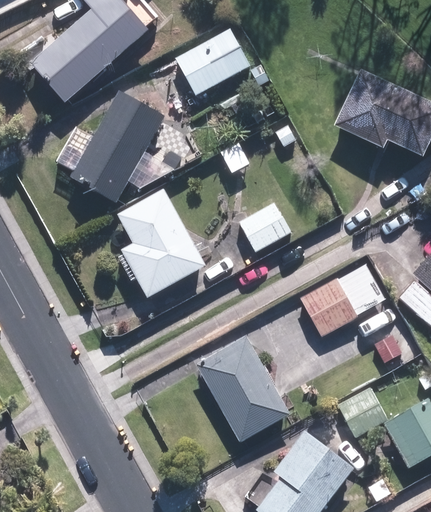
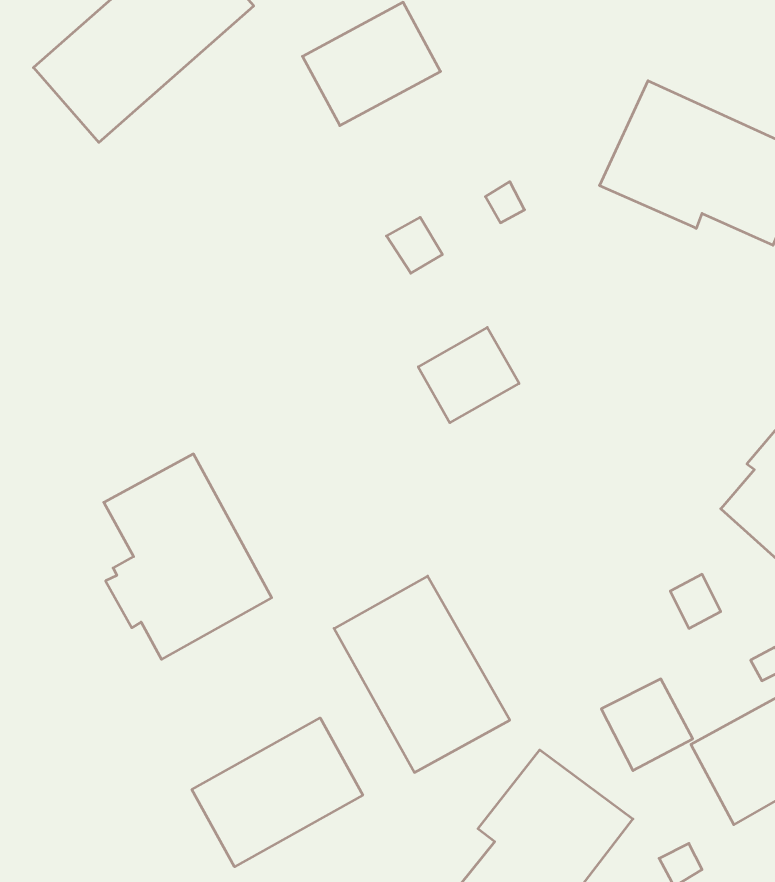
building: [72,92,166,202] -> none
building: [118,189,208,299] -> [104,454,272,659]
building: [299,264,384,336] -> none
building: none -> [192,718,363,867]

